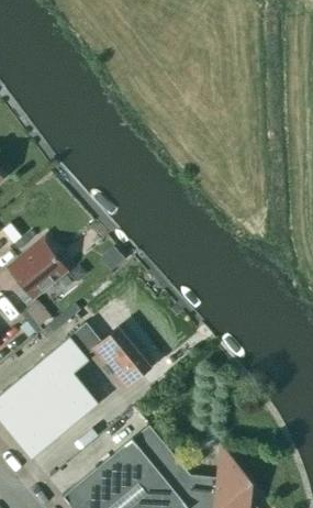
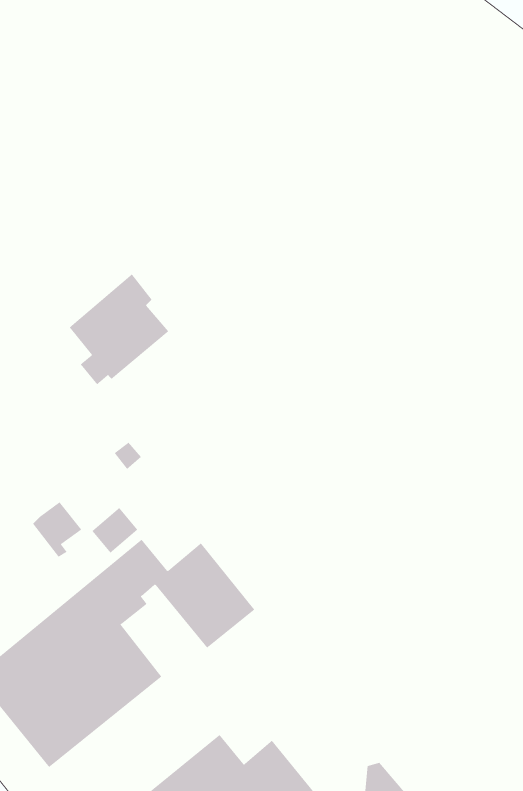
building: [8,236,67,302] -> [69,273,169,385]

